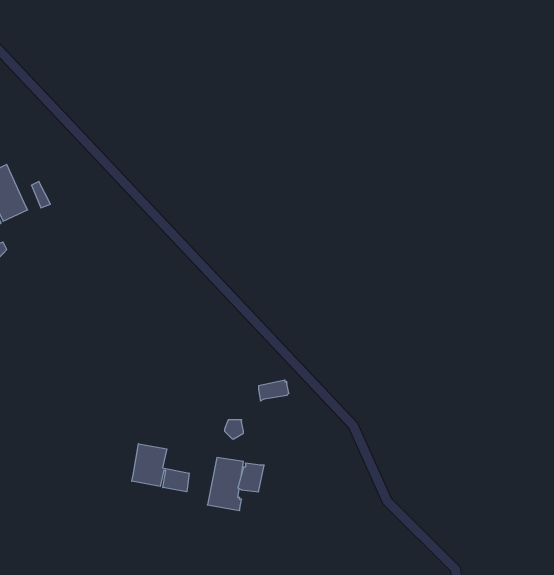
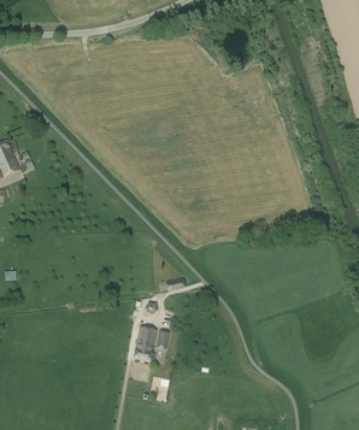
building: [132,444,189,492] -> none

